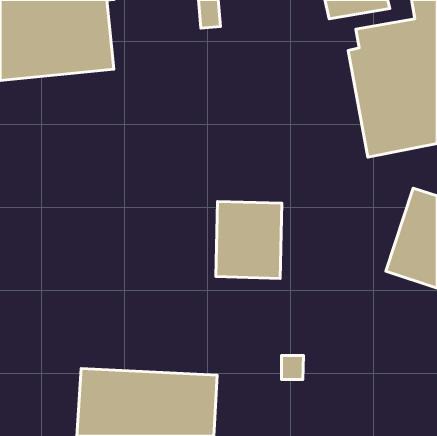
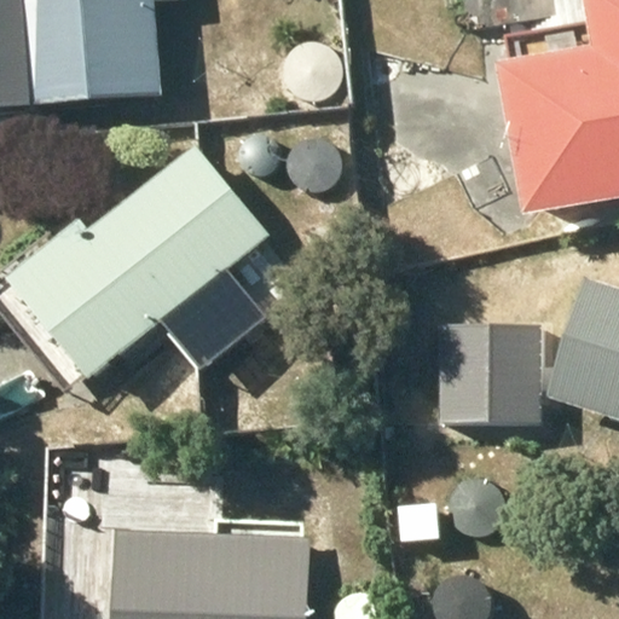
building: none -> [6,147,265,382]
building: [216,201,282,278] -> [445,312,538,421]

